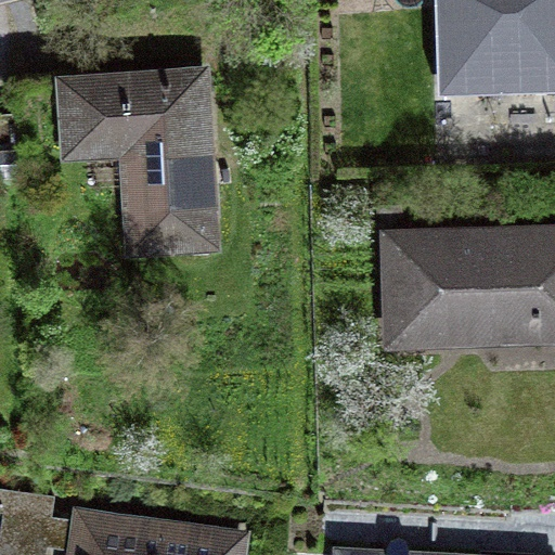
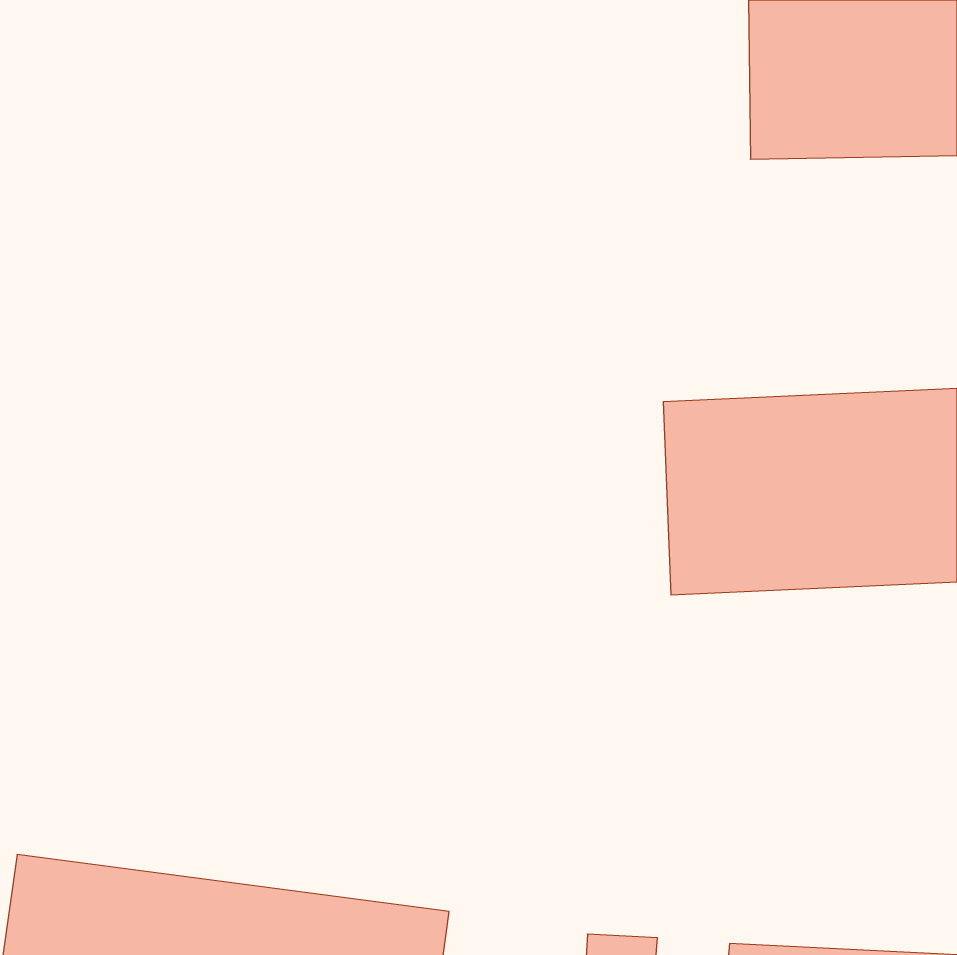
building: [56,66,224,260] -> none

